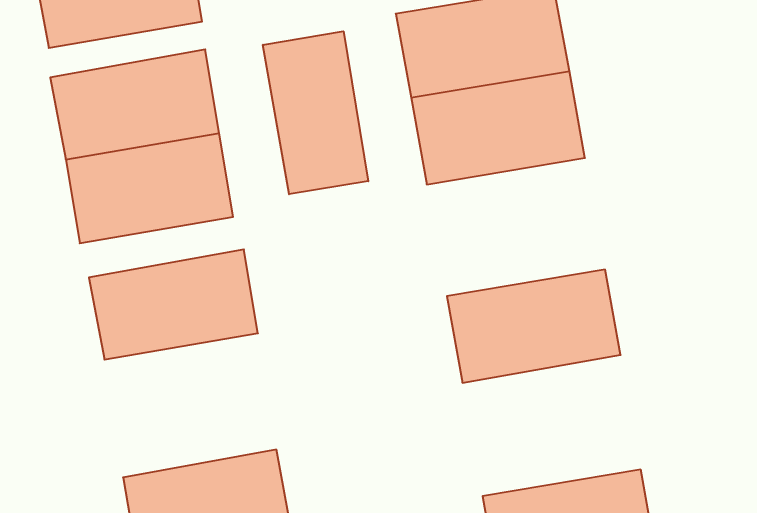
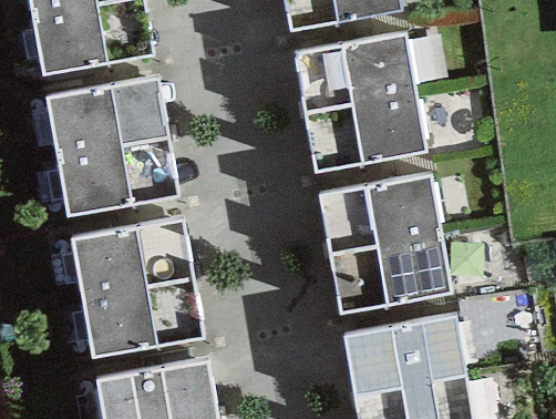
building: [263,31,368,194] -> none
building: none -> [317,172,441,252]
building: none -> [83,278,203,357]
building: none -> [343,316,466,395]

